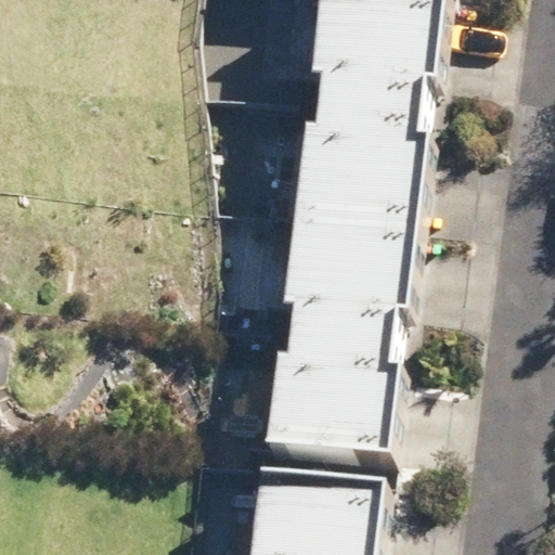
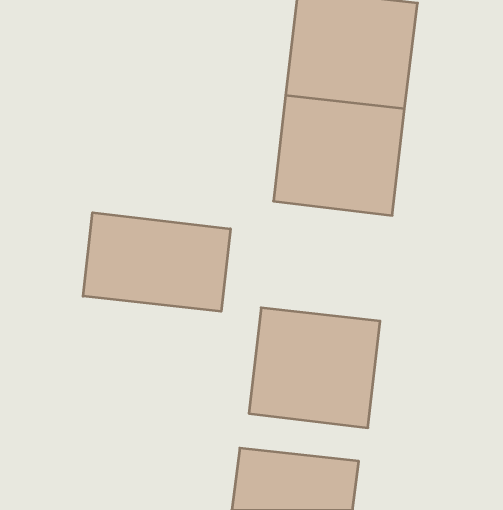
building: [279,215,418,343] -> none
building: none -> [83,213,230,311]

